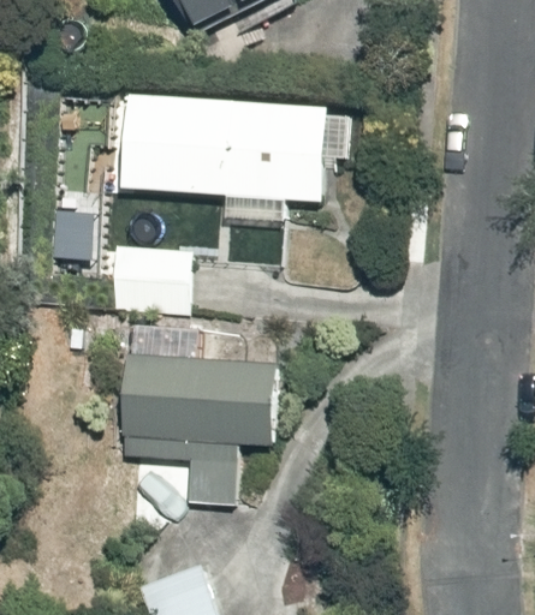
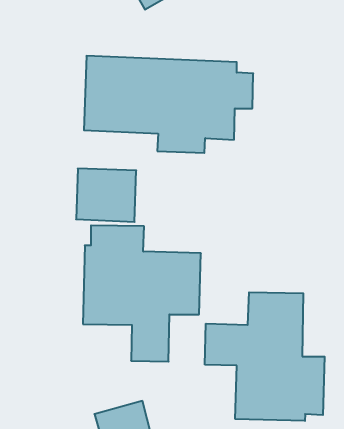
building: none -> [205,292,325,421]

